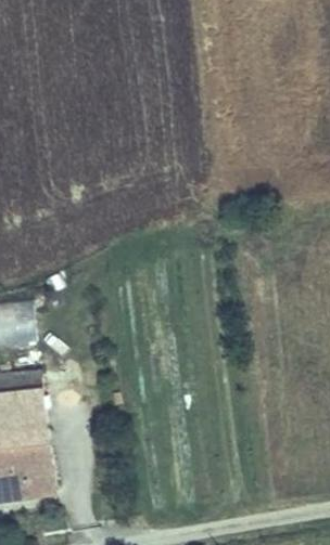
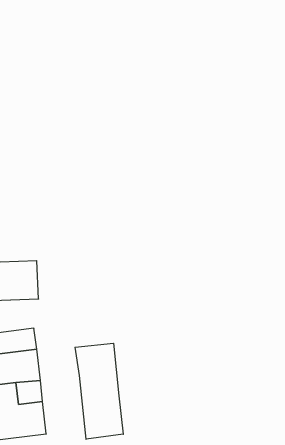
building: none -> [75,343,123,439]

